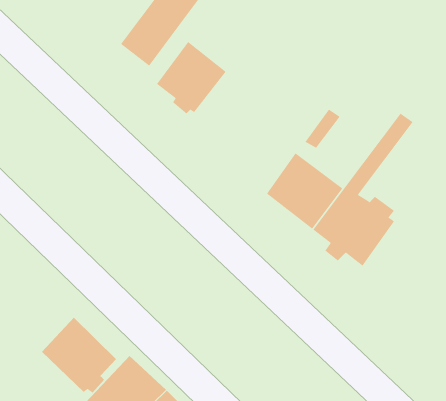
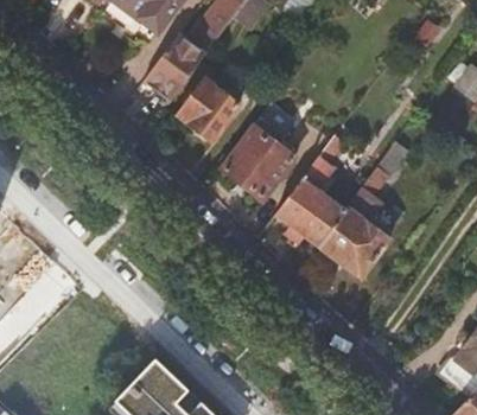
building: none -> [223,104,298,199]
building: [41,317,117,394] -> none

